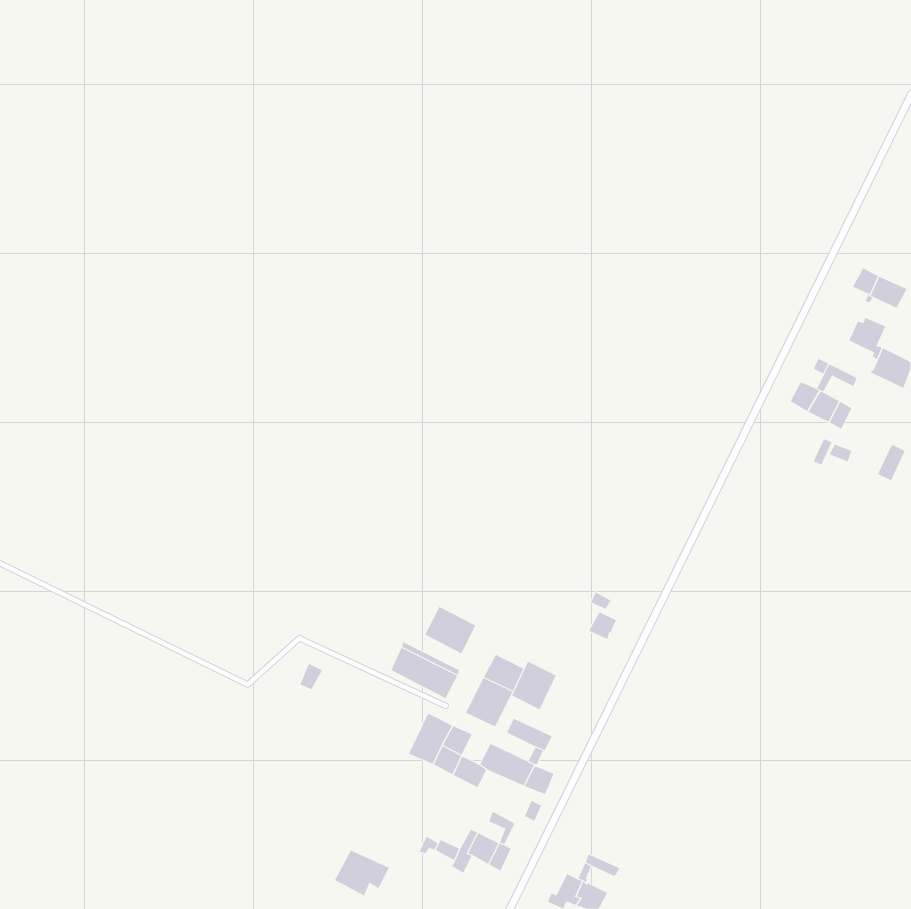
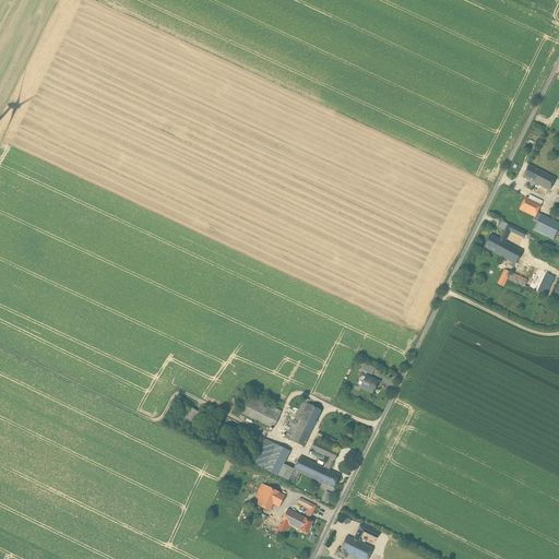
building: [425,606,476,654] -> none
building: [511,661,556,710] -> none
building: [334,850,390,896] -> [251,483,285,511]

